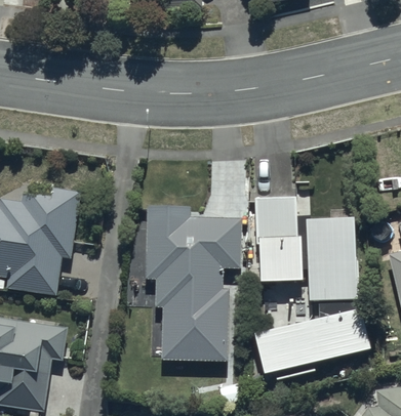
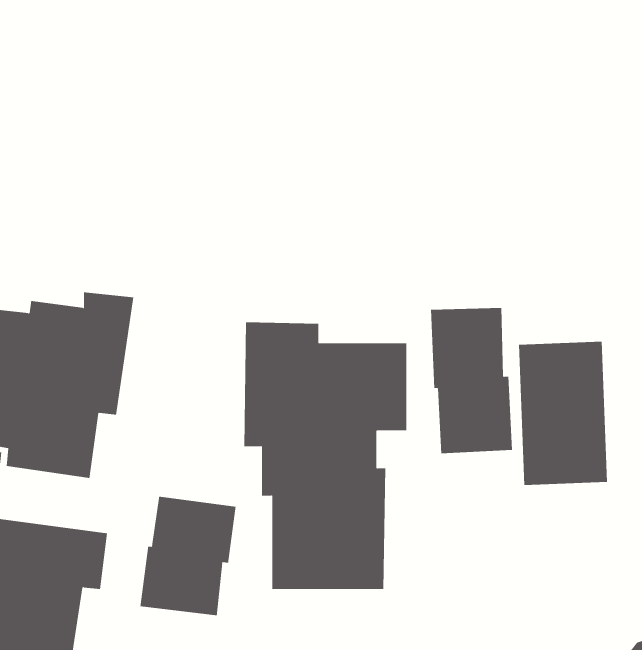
building: none -> [140,496,236,616]
building: [253,307,370,380] -> none

